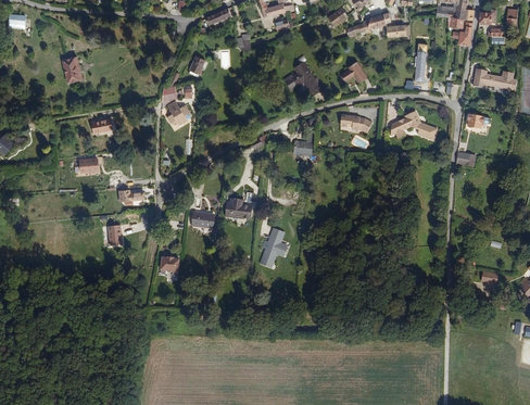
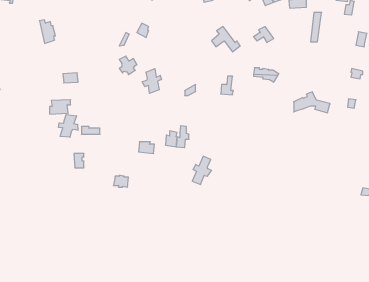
building: [391,111,438,138] -> [294,92,330,113]
building: none -> [142,69,161,93]
building: none -> [58,115,78,137]

